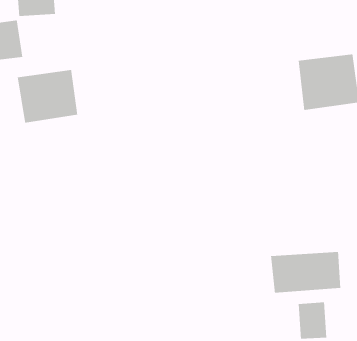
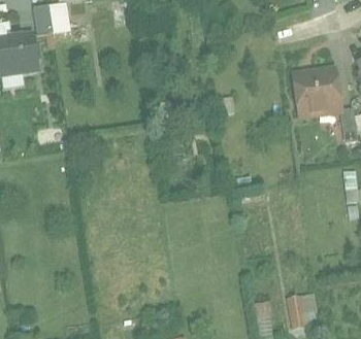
building: [17,69,78,124] -> none
building: [271,251,341,294] -> none

